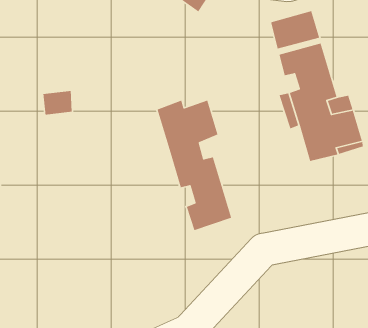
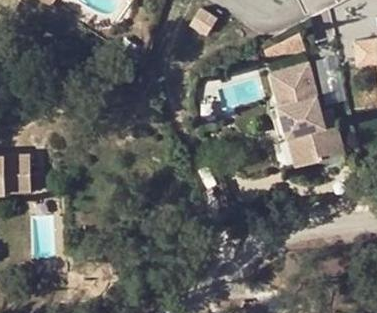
building: [156,99,232,231] -> none

